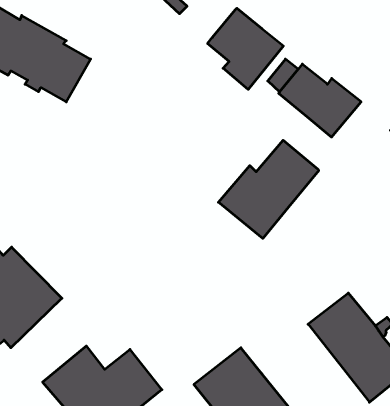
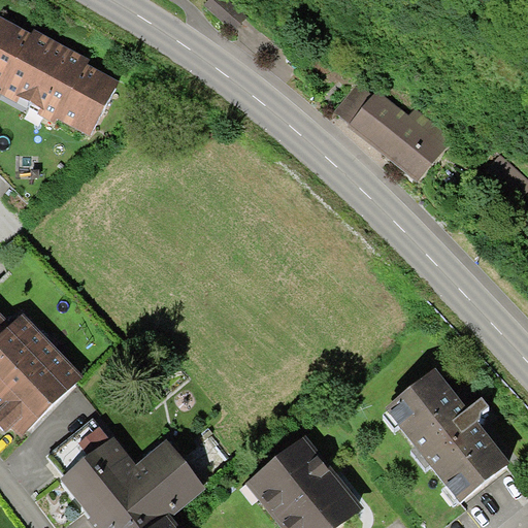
building: [208,8,283,89] -> none
building: [218,140,319,238] -> none

